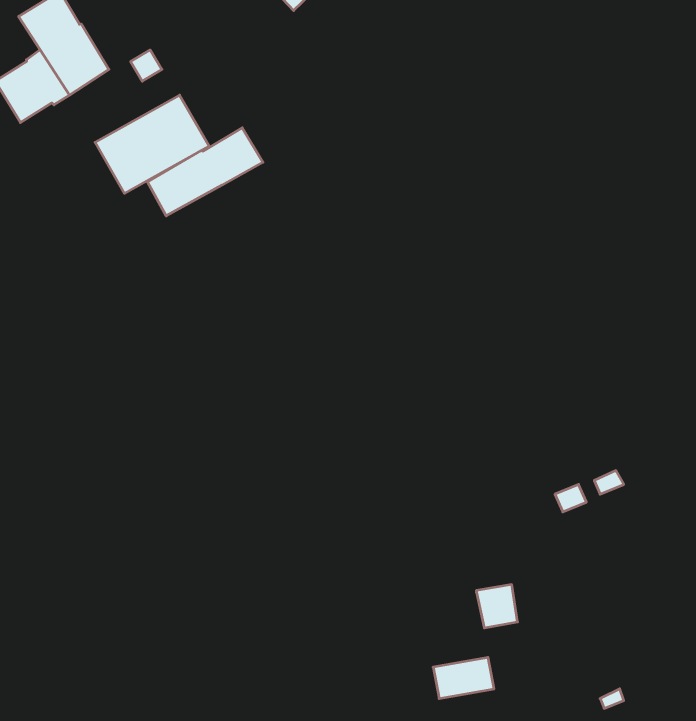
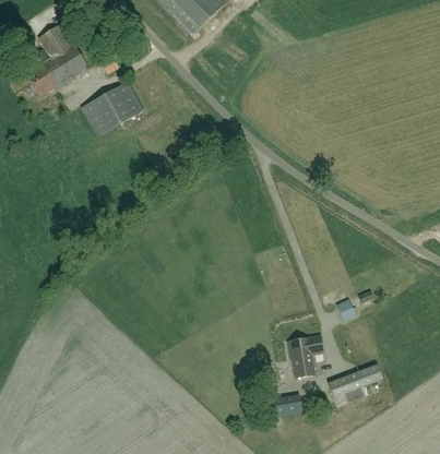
building: [147,128,263,216] -> none
building: none -> [288,334,324,358]
building: none -> [328,363,382,405]

